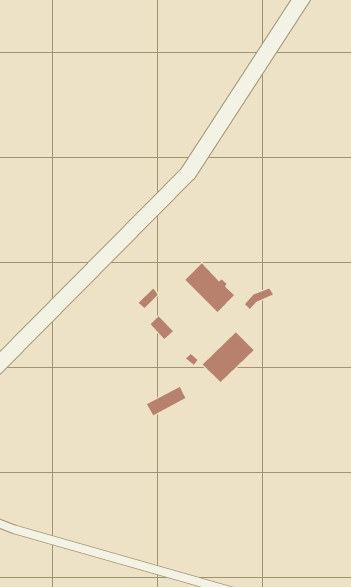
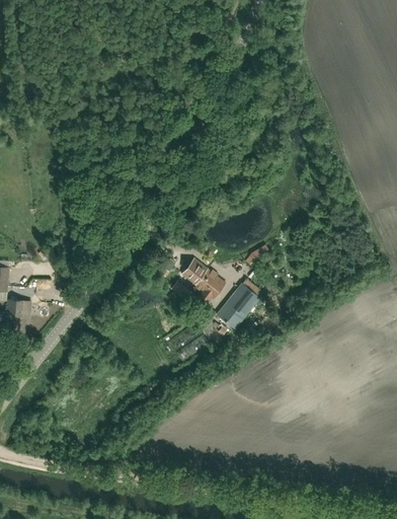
building: [185,262,235,313] -> [182,258,225,298]

